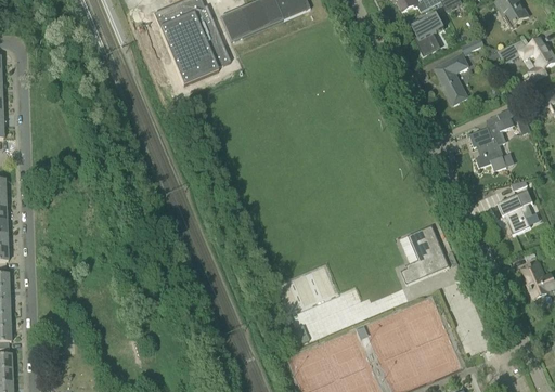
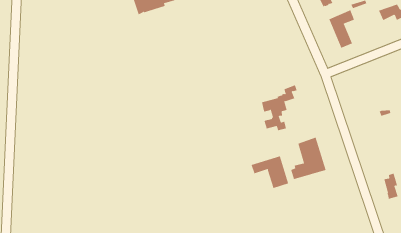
building: [469,107,516,170] -> [261,85,298,131]
building: [498,191,532,234] -> none
building: none -> [251,155,289,189]

